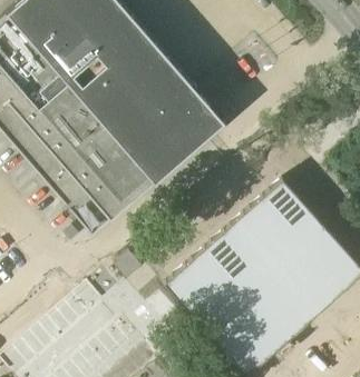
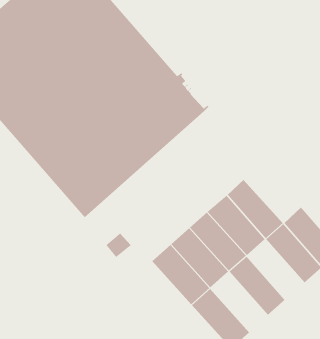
building: [262,178,323,242] -> none
building: [265,259,327,324] -> none
building: [226,294,288,358] -> none

